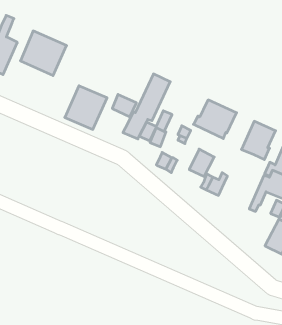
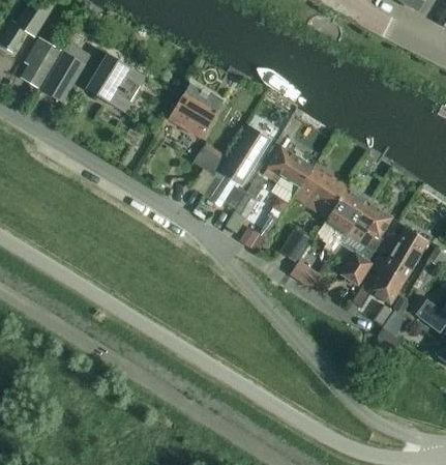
building: [65,86,107,129] -> [169,81,225,138]
building: none -> [264,146,315,194]
building: none -> [324,188,368,255]
building: none -> [340,251,374,286]

